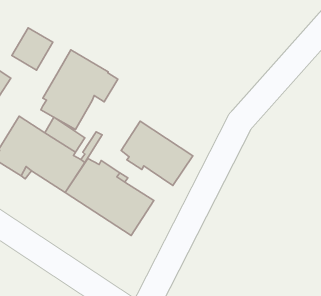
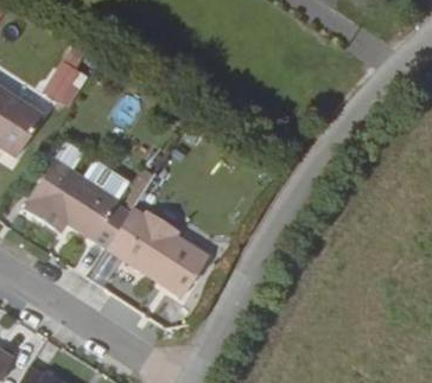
building: [41,50,118,130] -> none
building: [121,121,193,185] -> none

